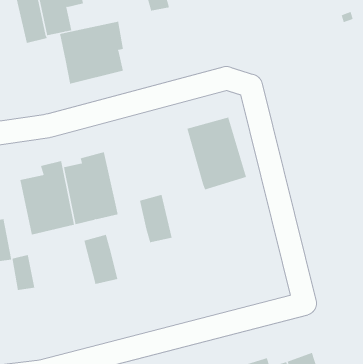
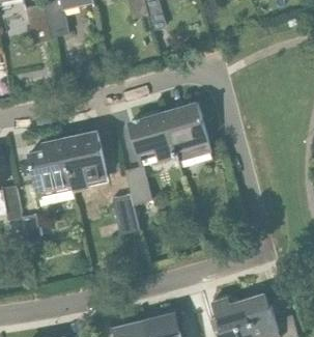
building: [59,21,124,84] -> none
building: none -> [130,112,175,162]
building: [83,234,118,284] -> [111,193,139,233]

